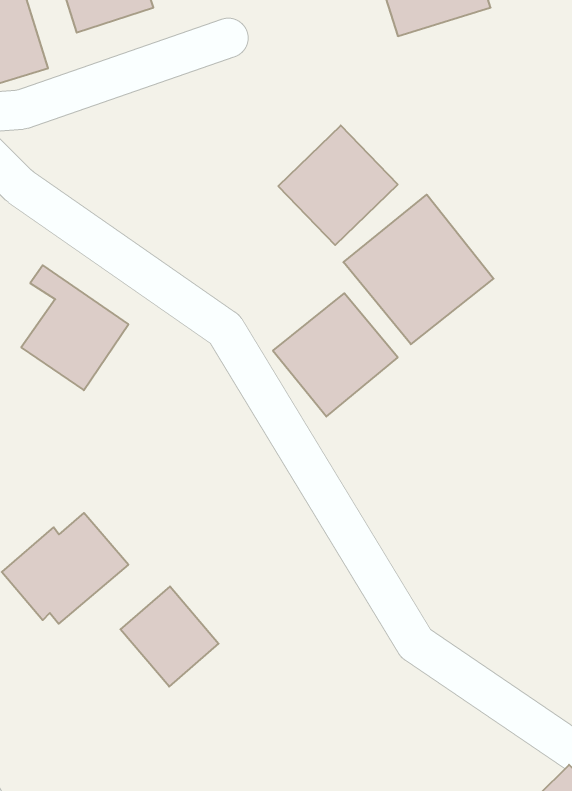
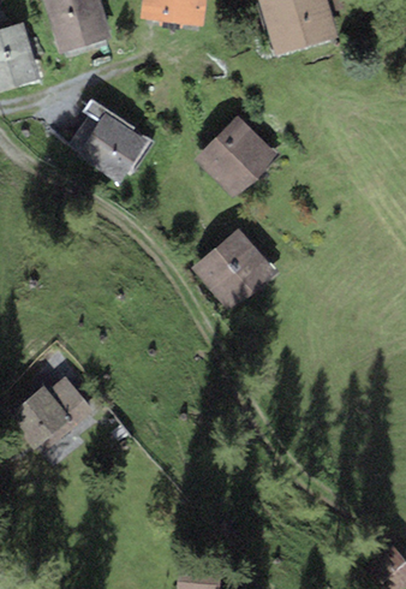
building: [343,195,494,344] -> none
building: [21,265,128,390] -> [76,100,148,184]
building: [120,586,219,687] -> none

